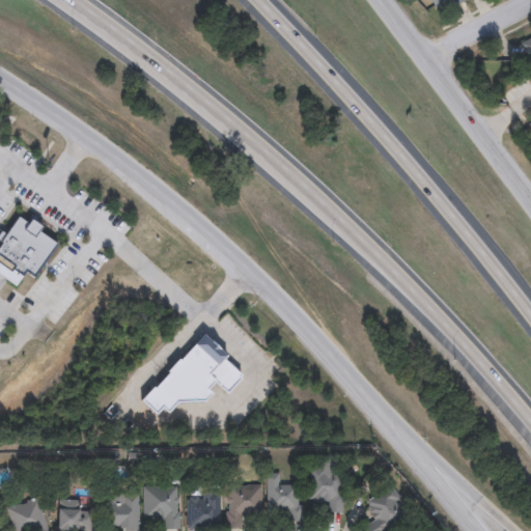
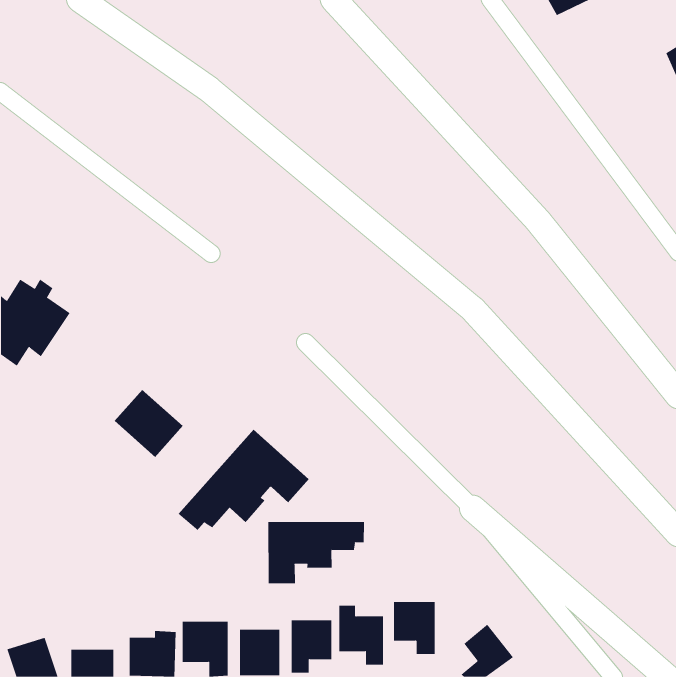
building: none -> [114,389,183,458]
building: none -> [268,521,365,584]

